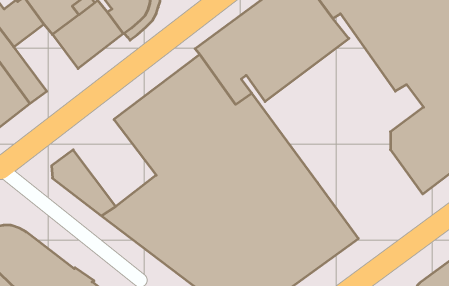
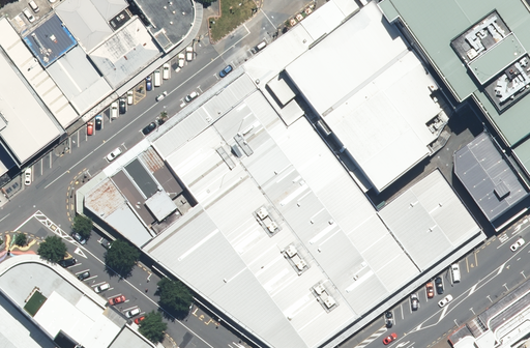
building: none -> [43,40,114,114]
building: none -> [319,56,440,200]
building: none -> [109,145,200,240]
building: none -> [377,171,481,276]

